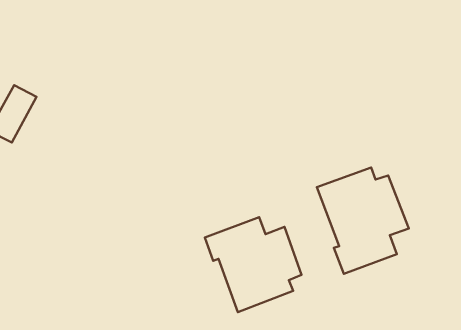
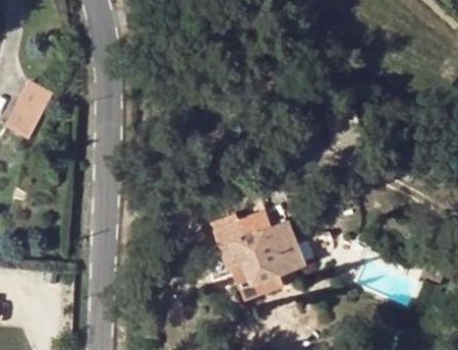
building: [317,167,409,274] -> none

